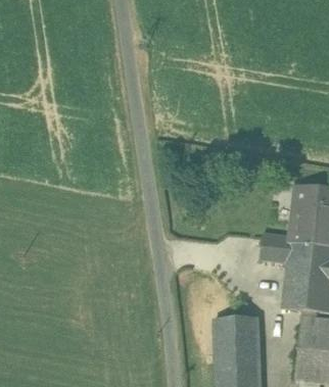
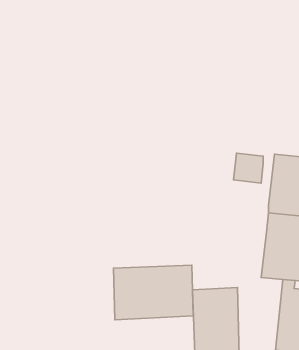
building: [260,232,289,261] -> [233,153,263,183]
building: none -> [113,265,193,320]

